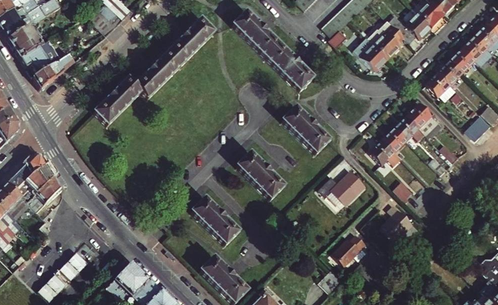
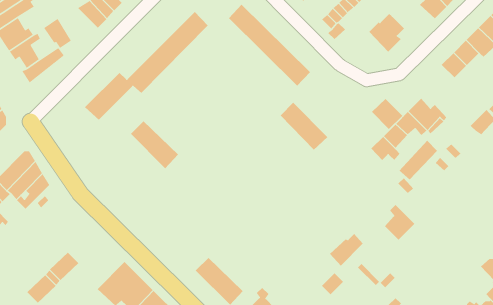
building: [392,12,433,45] -> none
building: none -> [43,18,72,49]
building: [355,37,388,71] -> none
building: [426,70,458,100] -> none
building: none -> [371,98,403,130]
building: none -> [399,140,438,181]
building: [237,152,284,199] -> none
building: [319,172,364,207] -> none
building: [192,197,239,244] -> [130,120,179,169]

